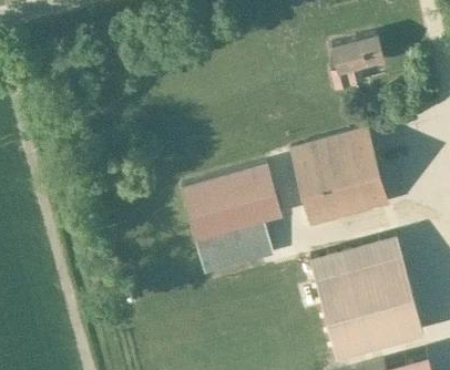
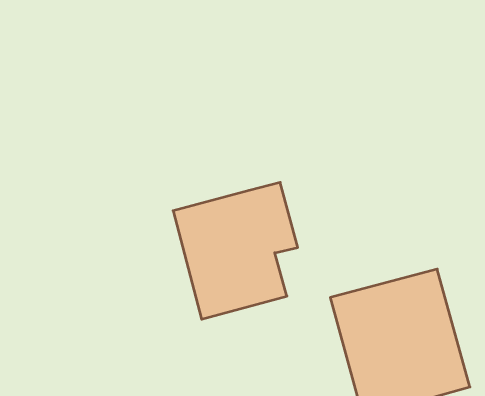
building: [333,35,387,93] -> none
building: [293,130,389,226] -> none

